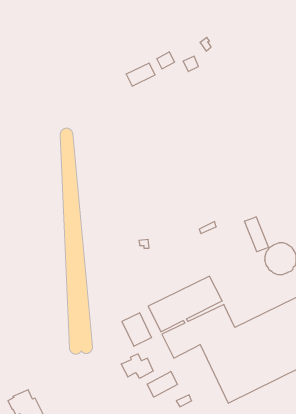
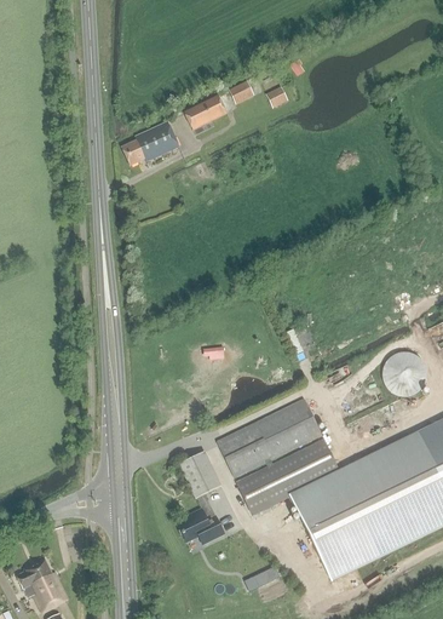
building: none -> [122,121,179,165]
building: [245,217,268,252] -> none
building: [147,371,177,397] -> none

